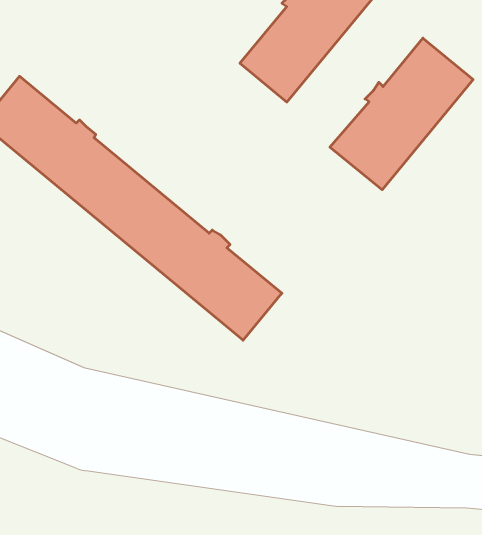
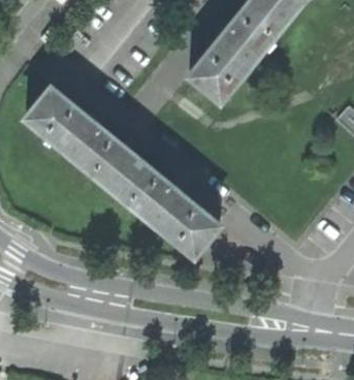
building: [330,38,473,190] -> none

